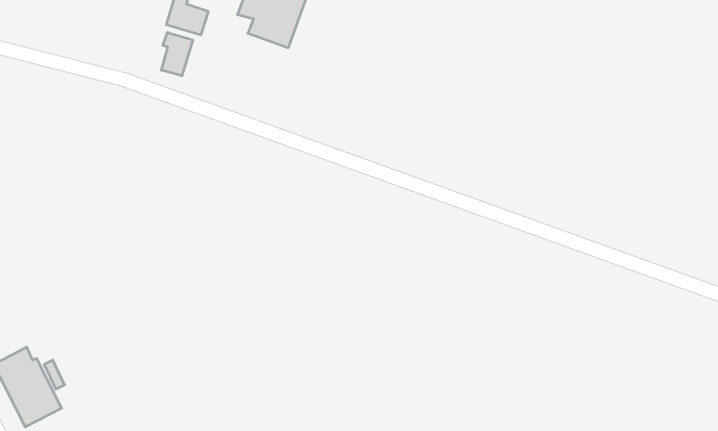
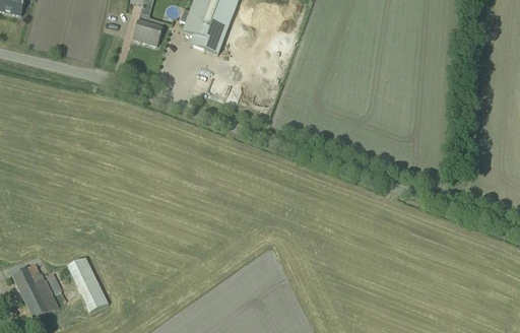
building: [161,32,193,76] -> none
building: none -> [67,257,108,312]

